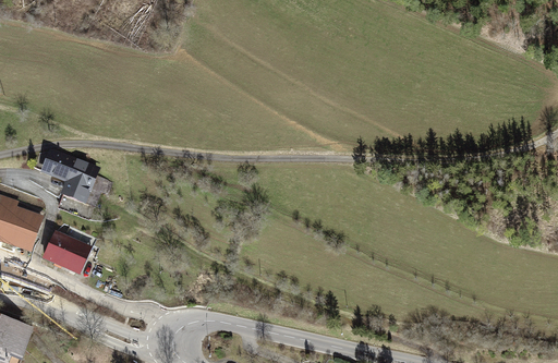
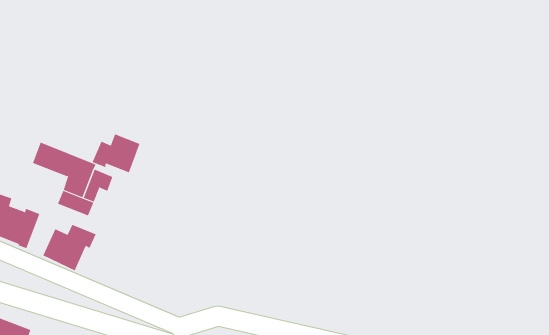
building: none -> [92,134,140,173]

